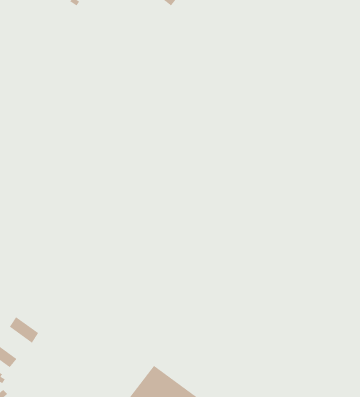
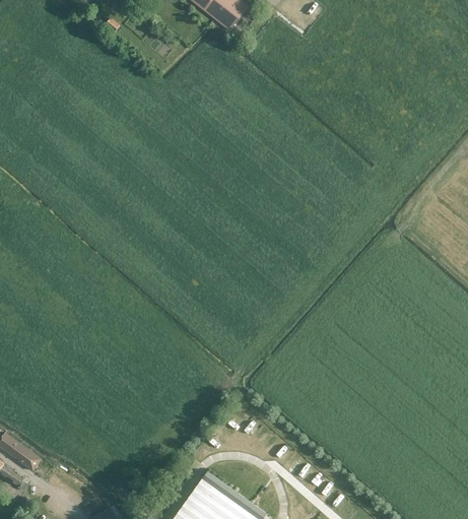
building: [9,316,39,344] -> none

